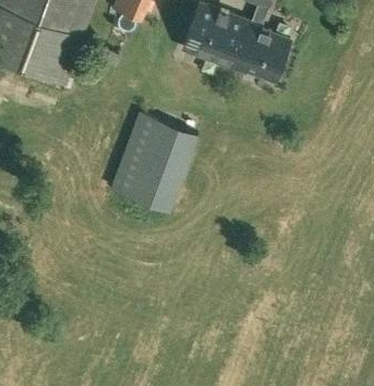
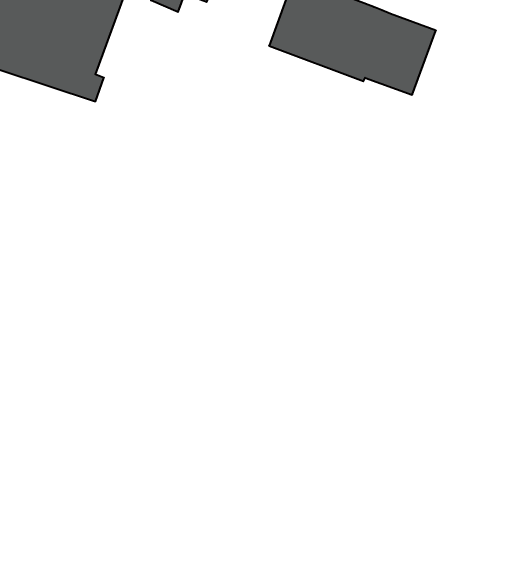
building: [110,109,200,207] -> none

